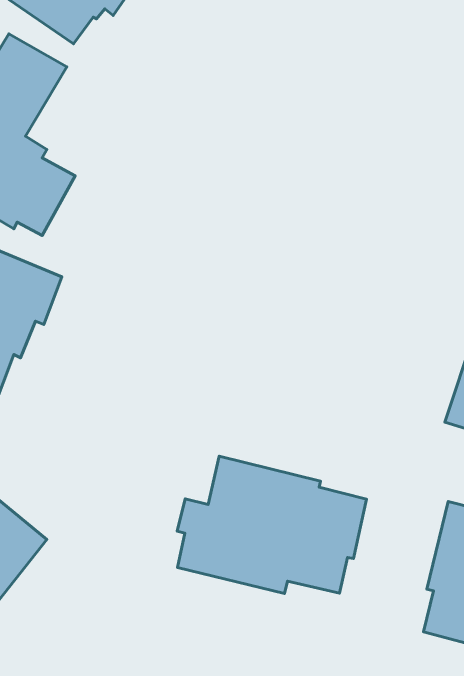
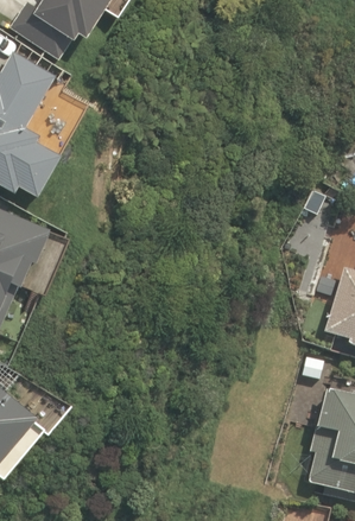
building: [177,456,367,593] -> none

